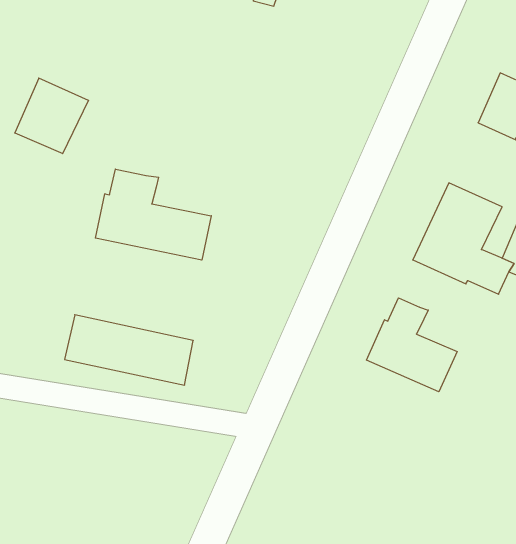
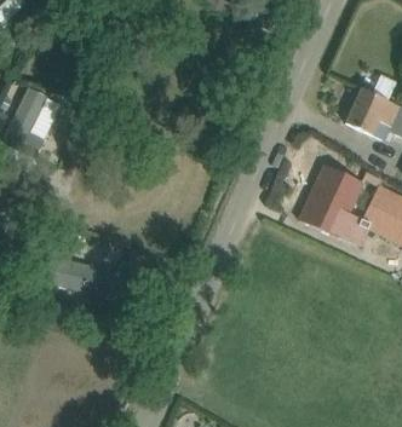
building: [95,169,211,260] -> none
building: [366,298,457,392] -> none

